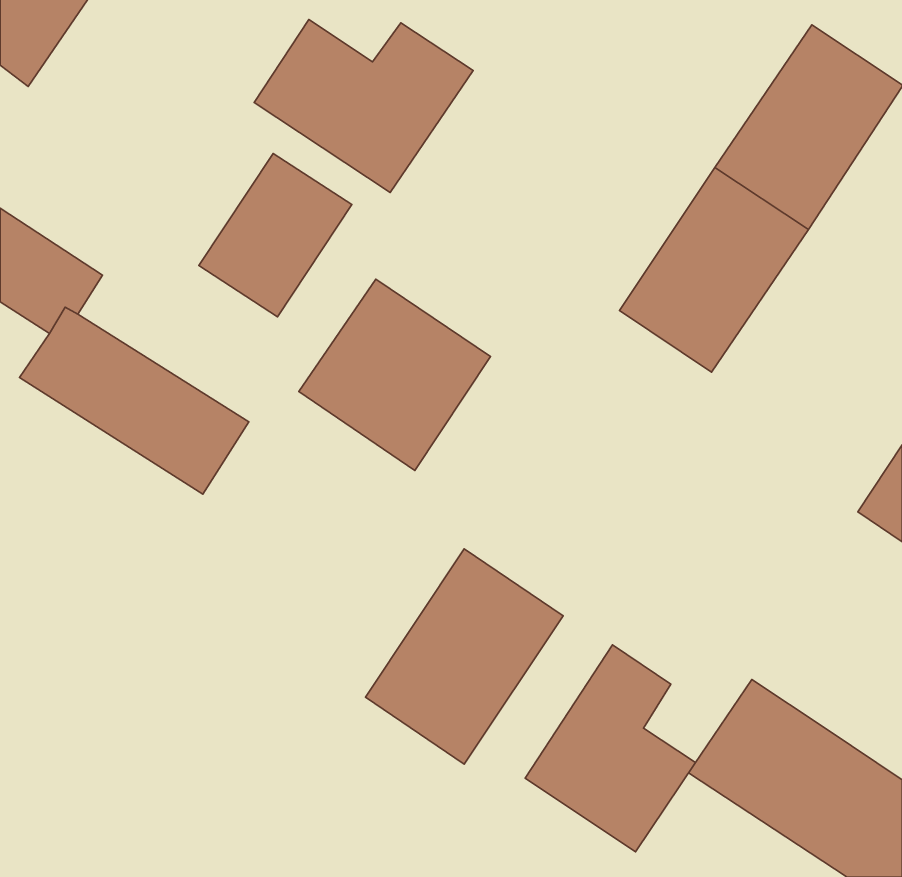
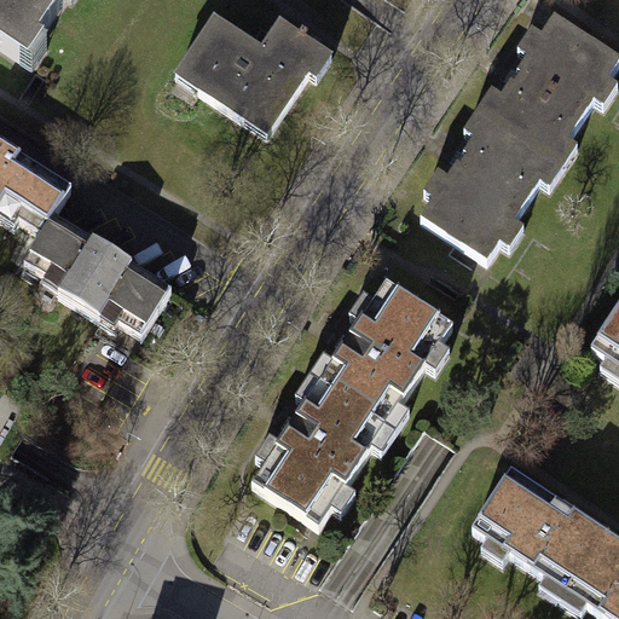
building: [199,153,352,317] -> none
building: [299,279,490,470] -> none
building: none -> [318,276,455,422]
building: [525,645,695,852] -> none

